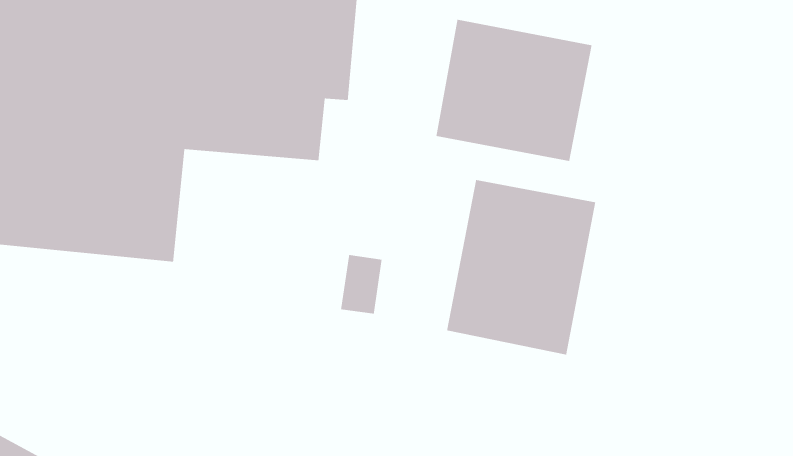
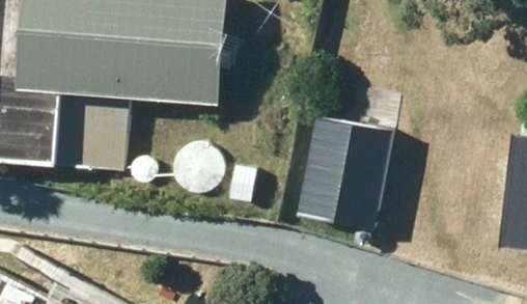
building: [435,19,592,162] -> none

